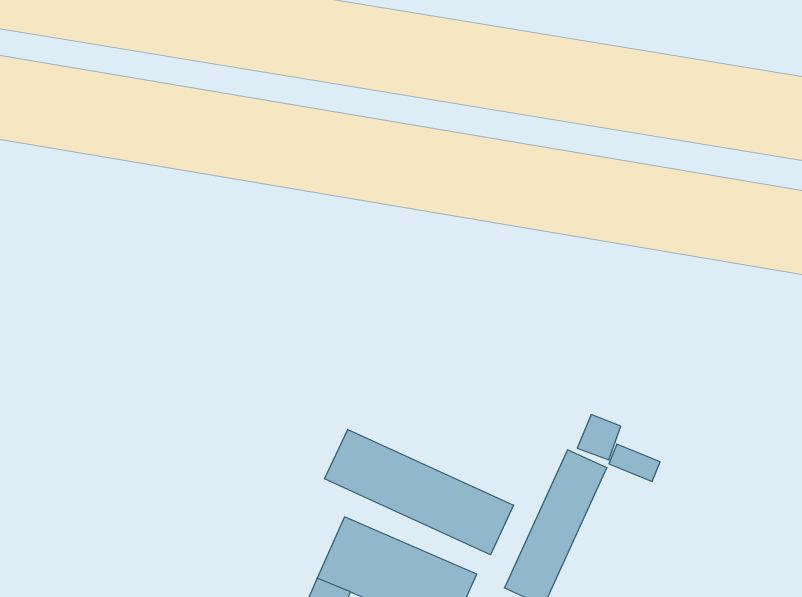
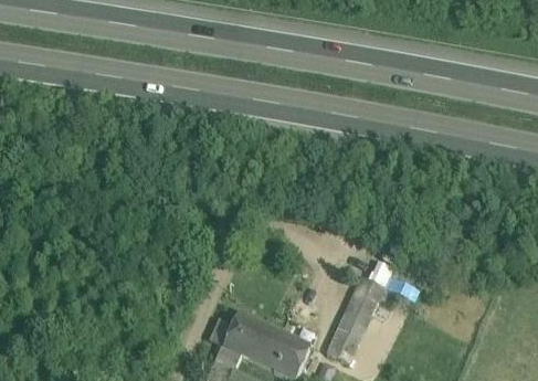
building: [325,429,514,555] -> none

